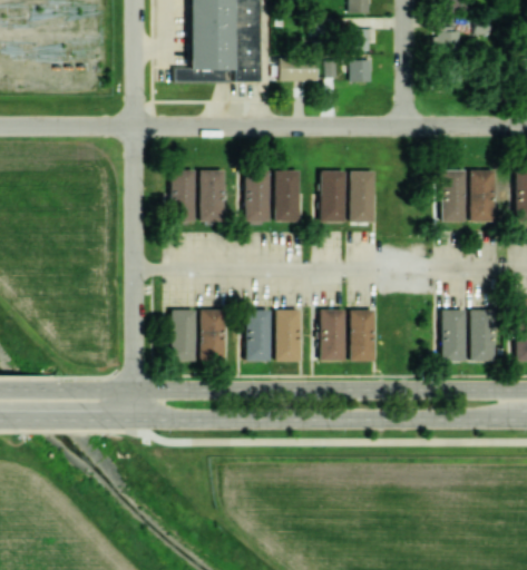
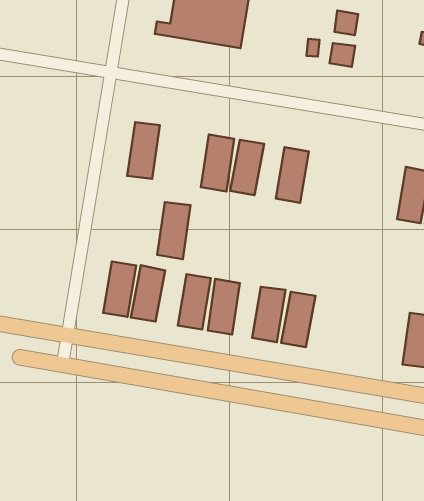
building: [281,57,320,80] -> none
building: [199,169,226,223] -> [157,202,191,259]
building: [350,171,375,223] -> none
building: [442,309,467,361] -> none

